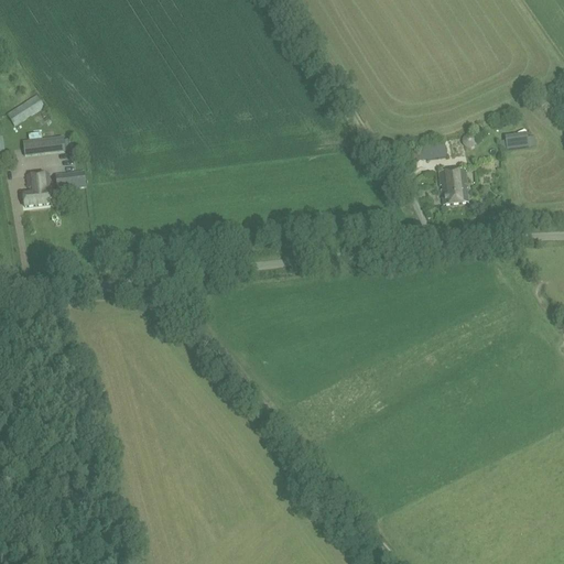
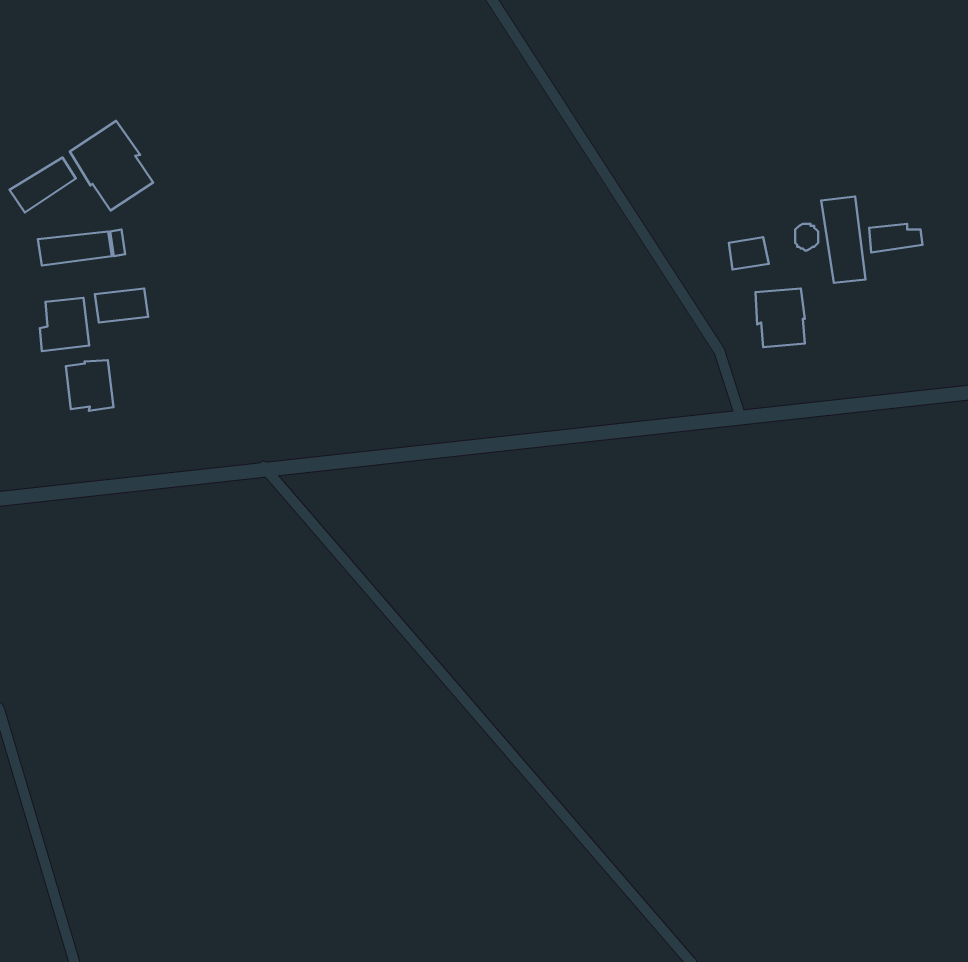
building: none -> [70,121,153,210]
building: none -> [821,197,865,283]
building: none -> [66,360,114,411]

